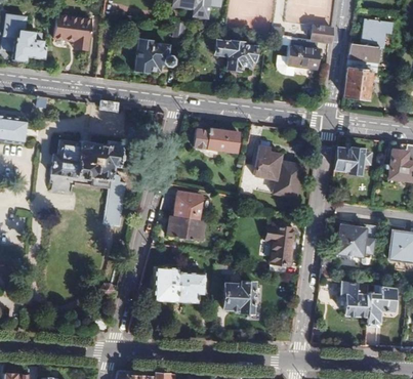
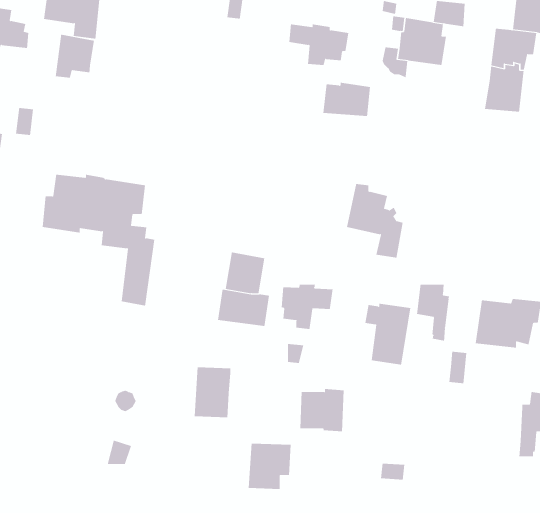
building: [135,40,174,72] -> none
building: none -> [55,34,95,78]
building: [207,129,239,152] -> [323,82,371,116]
building: [335,148,372,173] -> none
building: none -> [416,284,450,341]
building: none -> [281,284,333,330]
building: [175,271,204,302] -> [248,443,291,490]
building: [340,280,369,317] -> none

